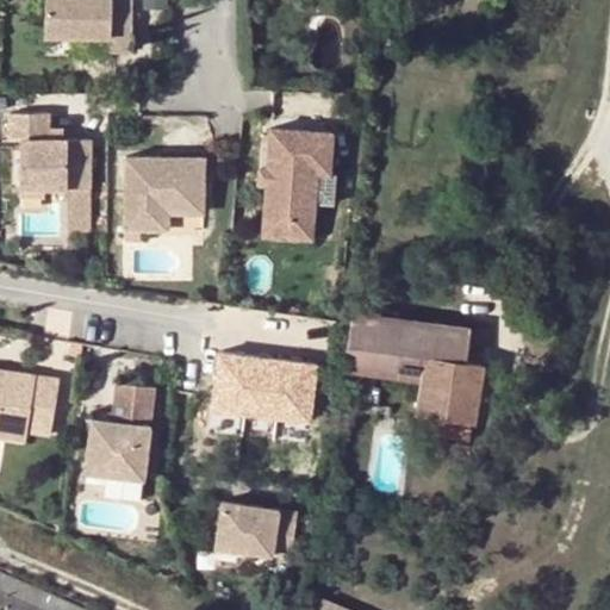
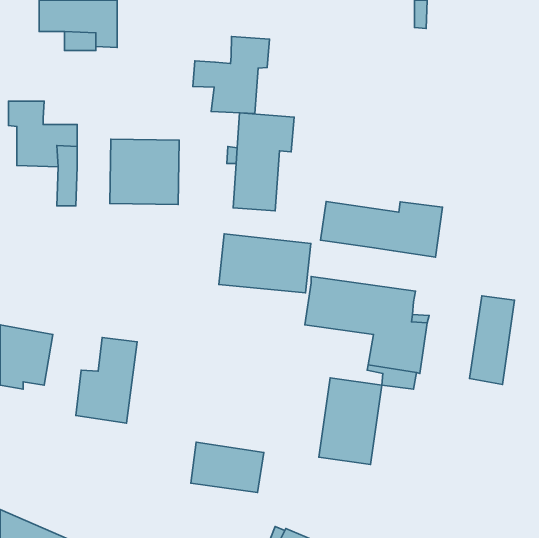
building: none -> [193,36,269,114]
building: none -> [321,202,443,257]
building: none -> [469,296,514,385]
building: [212,351,316,418] -> [219,234,311,293]
building: none -> [319,378,382,465]

